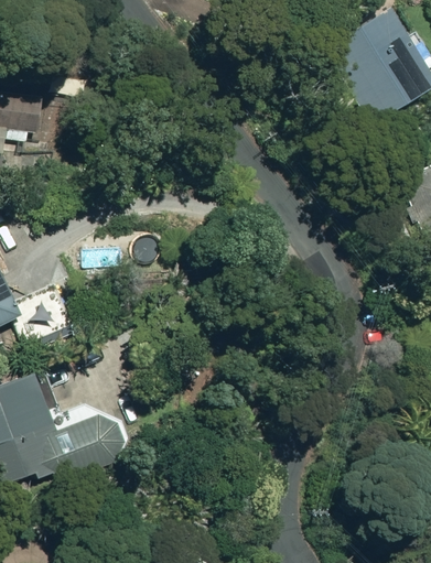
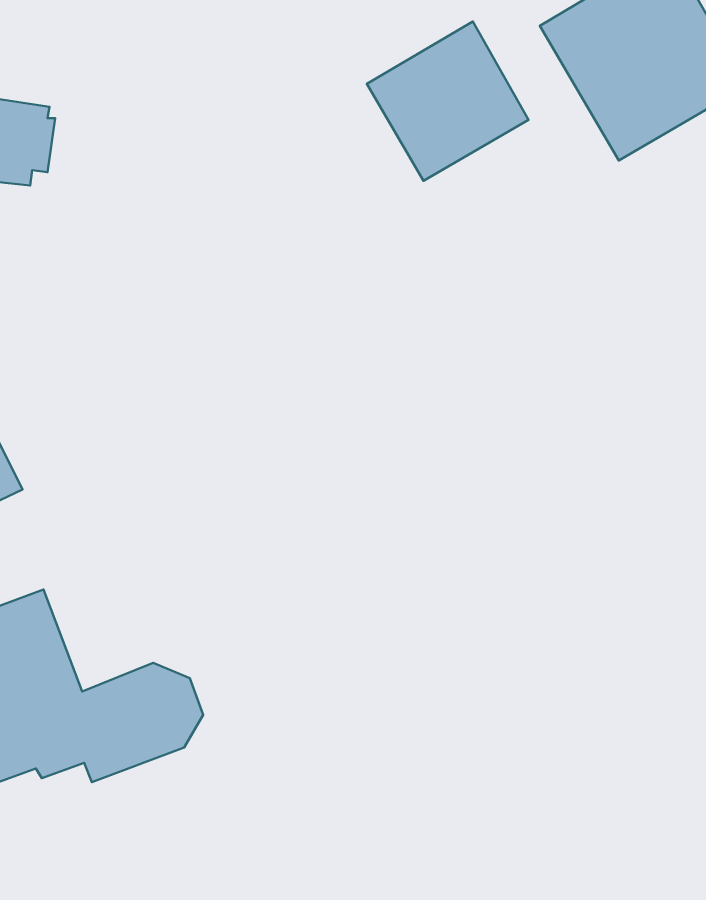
building: none -> [367,22,529,181]

